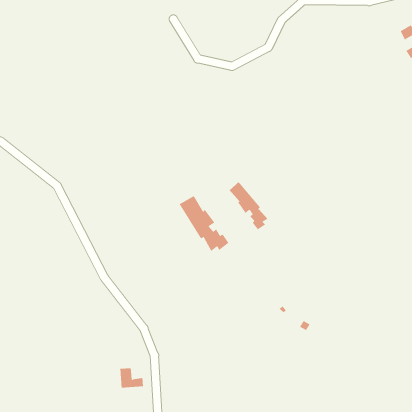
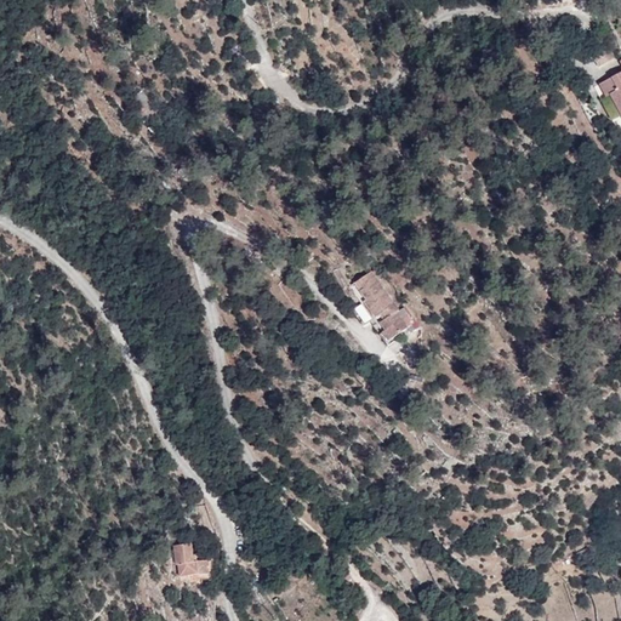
building: [179,195,229,252] -> none

